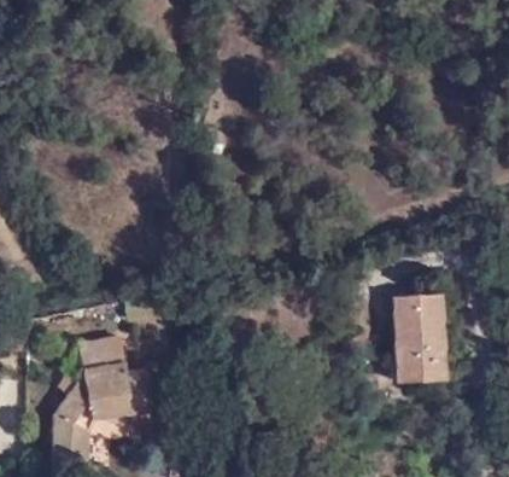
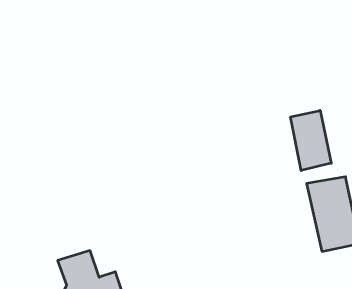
building: none -> [291,110,331,171]

